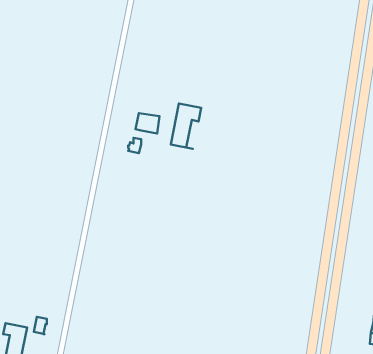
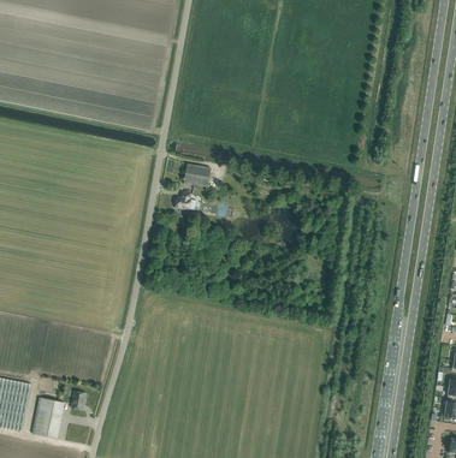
building: [171,103,201,149] -> none

